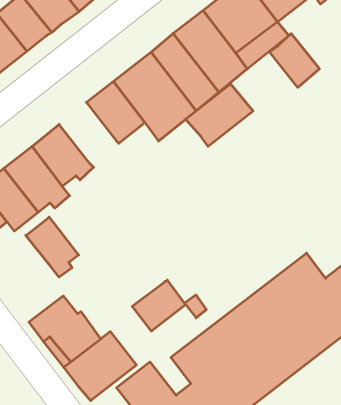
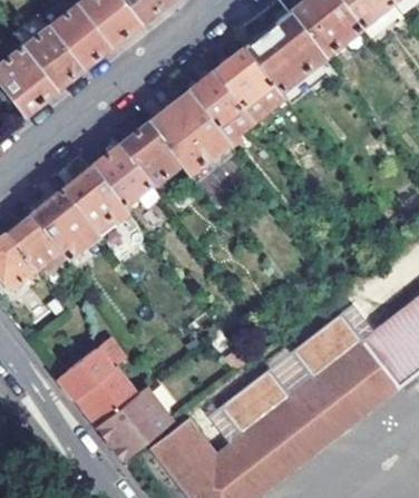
building: [269,34,319,87] -> none
building: [185,84,253,146] -> none
building: none -> [90,143,152,207]
building: [26,217,79,277] -> none
building: [132,280,186,331] -> none

